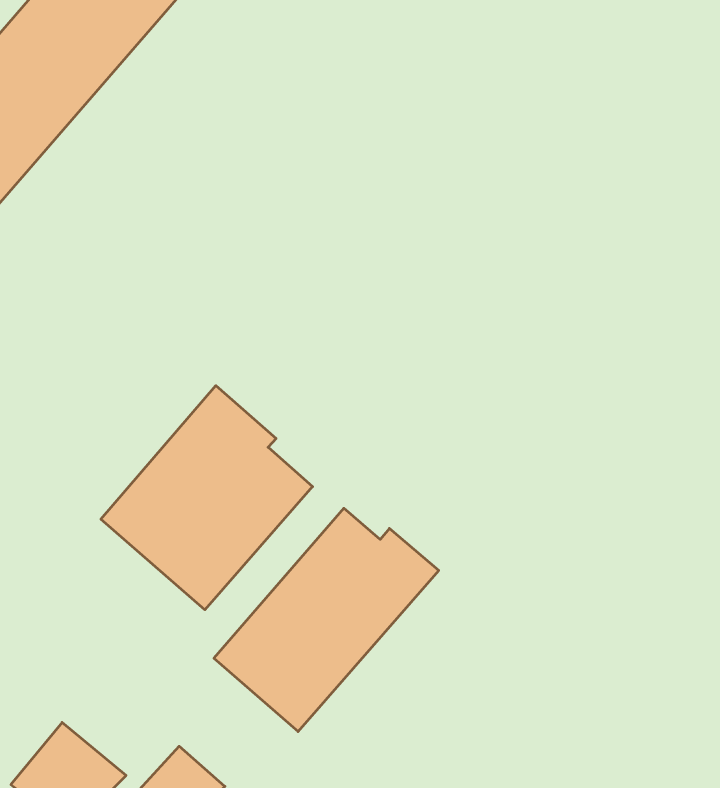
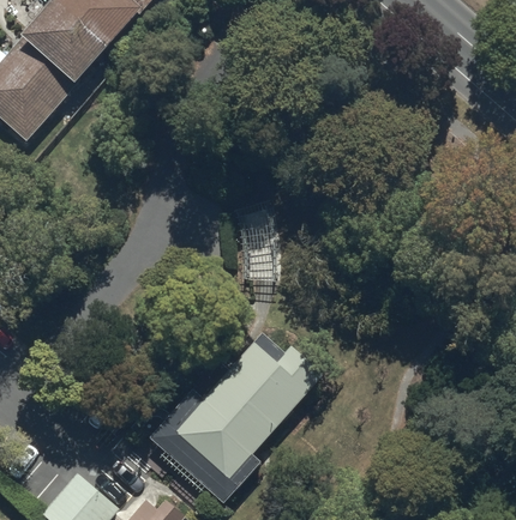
building: [101,386,313,610] -> none

